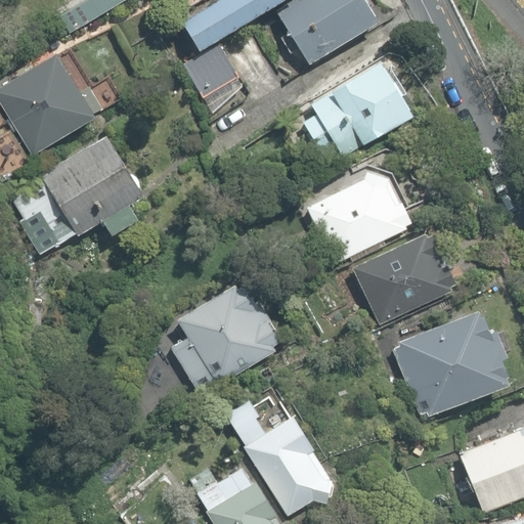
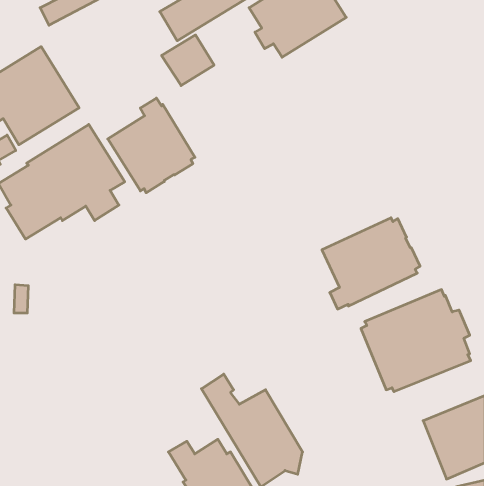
building: [305,61,411,166] -> none
building: none -> [108,98,195,193]
building: [306,172,411,266] -> none
building: [171,283,280,395] -> none

